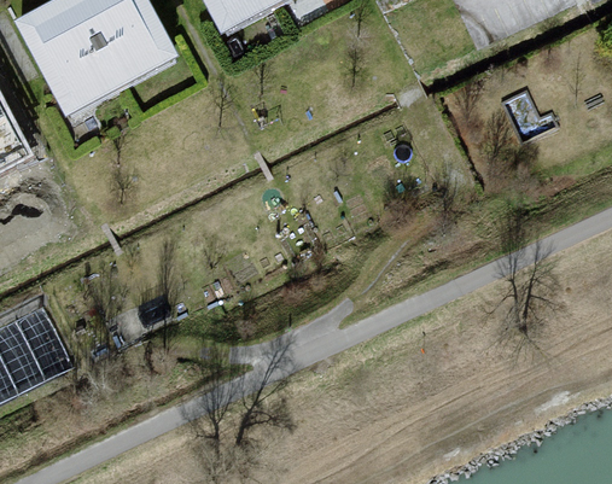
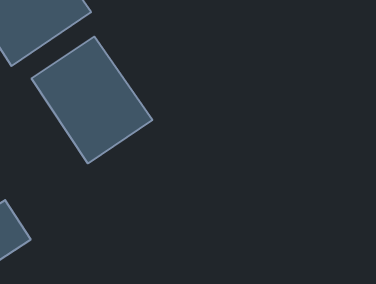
building: none -> [32,37,152,163]

